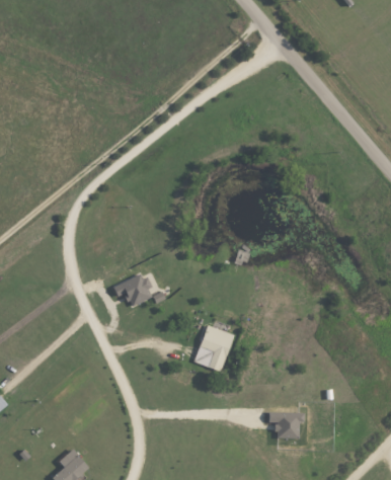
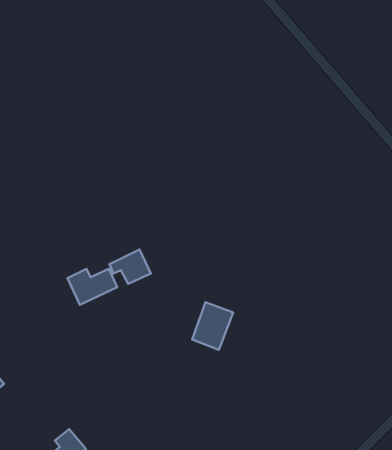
building: none -> [67,269,117,305]
building: [267,412,303,438] -> none

